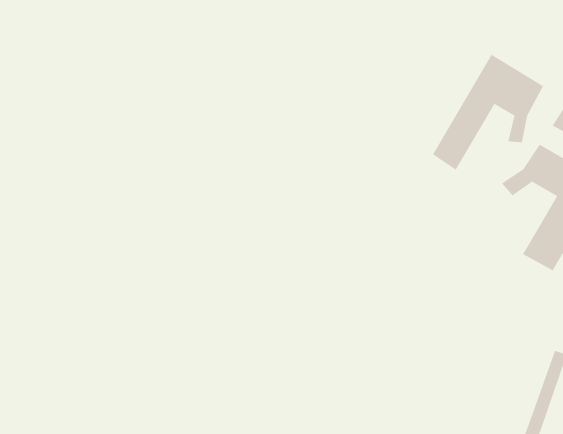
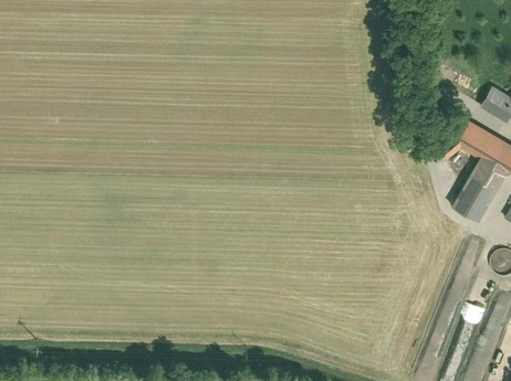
building: [432,54,544,170] -> none

